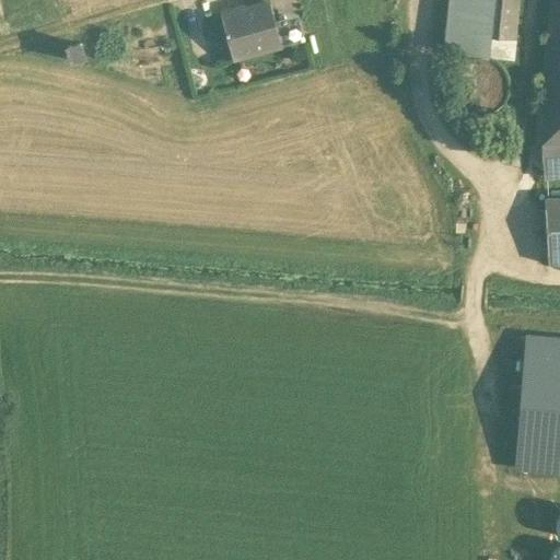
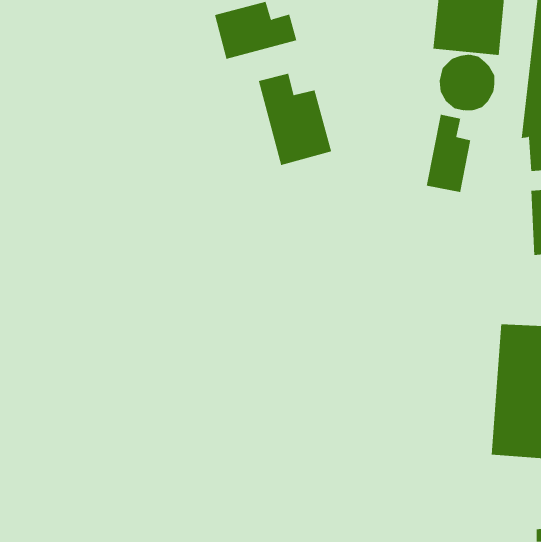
building: none -> [258,73,332,166]
building: none -> [426,114,471,193]

